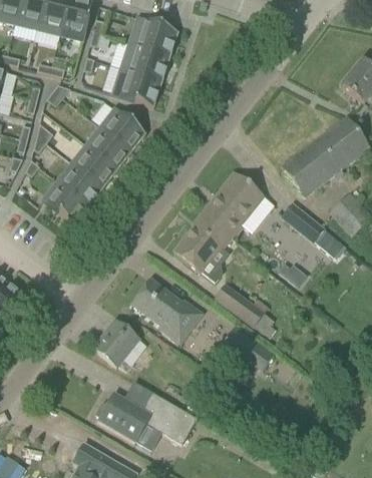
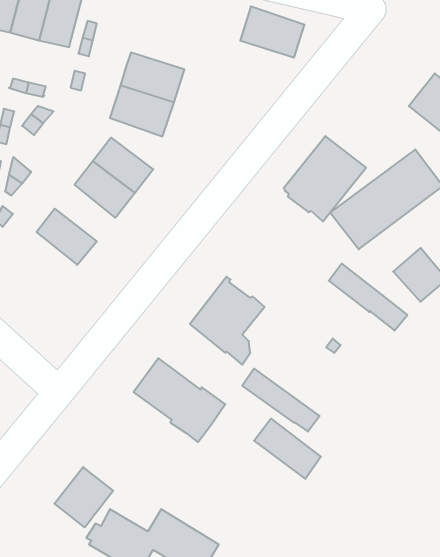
building: [129,17,178,56] -> [240,6,305,58]
building: [71,144,117,187] -> none
building: [202,172,265,237] -> [284,136,366,221]
building: [43,180,88,223] -> none
building: [93,320,138,366] -> [54,467,113,527]

